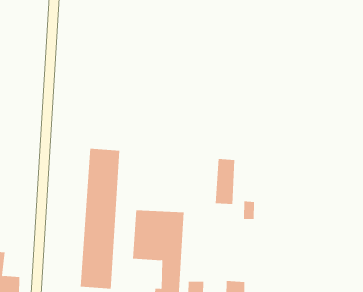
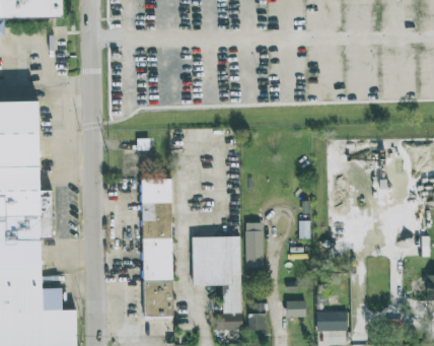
building: [215,158,235,205] -> [244,221,263,266]

